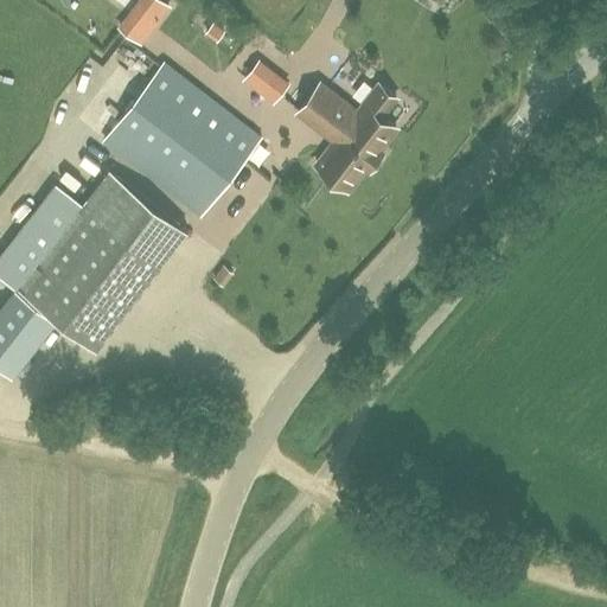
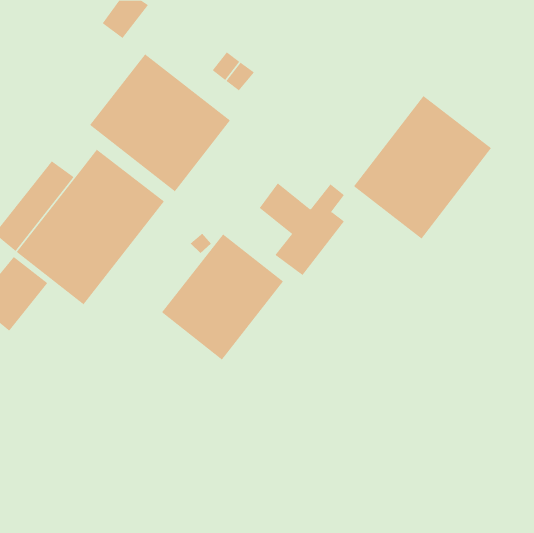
building: [296,87,394,192] -> [259,183,345,276]
building: none -> [353,95,492,239]
building: none -> [161,233,284,360]

